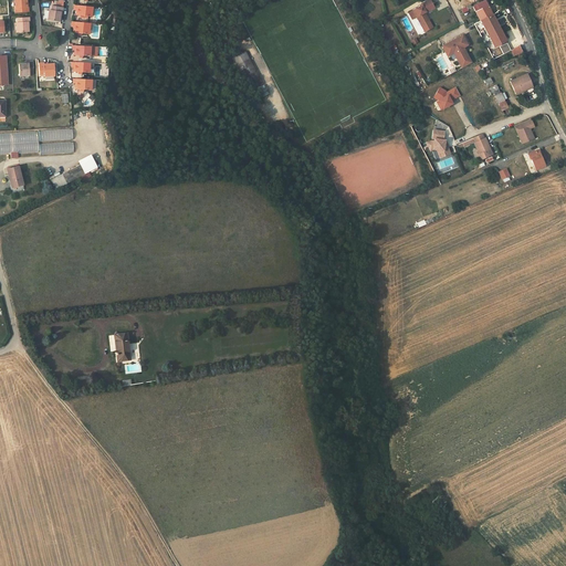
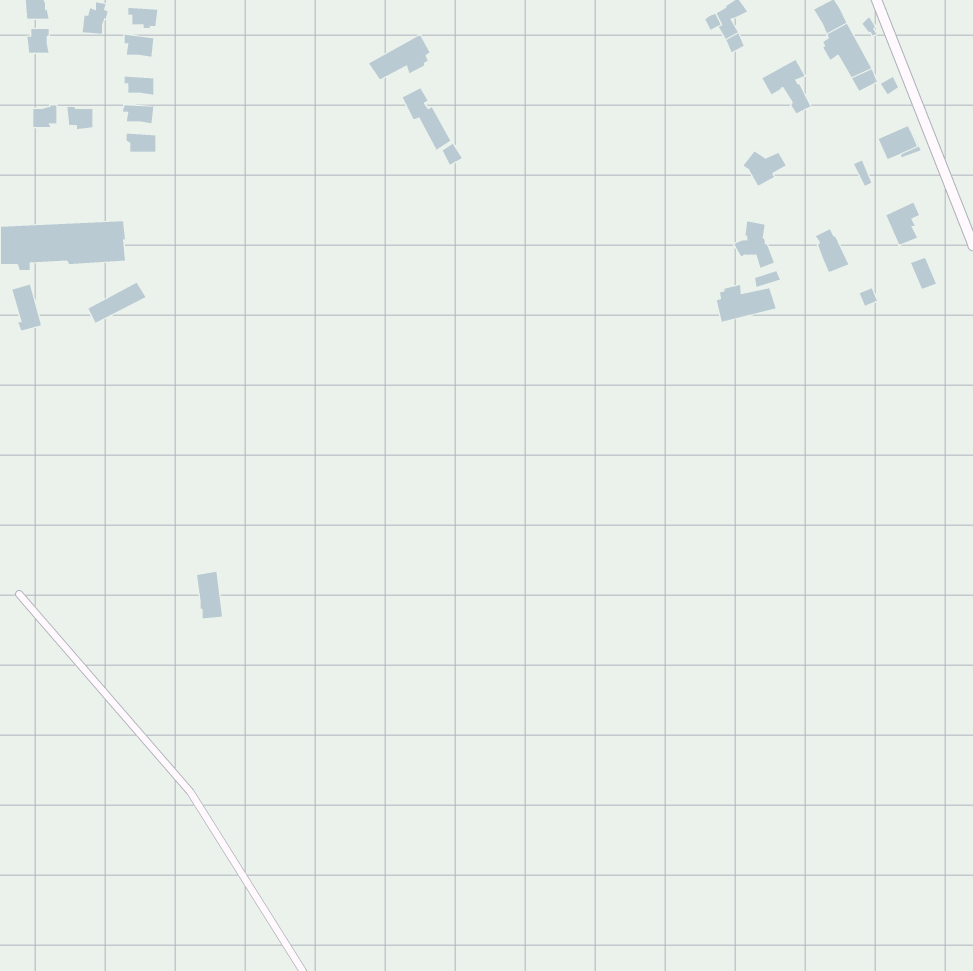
building: none -> [368,34,430,80]
building: none -> [716,284,777,323]

